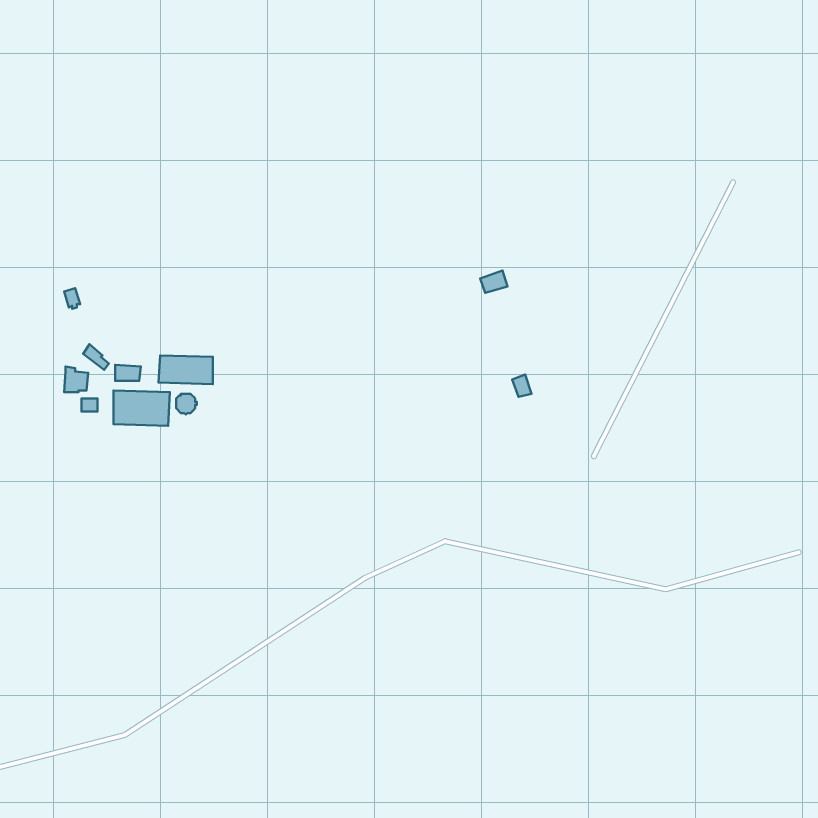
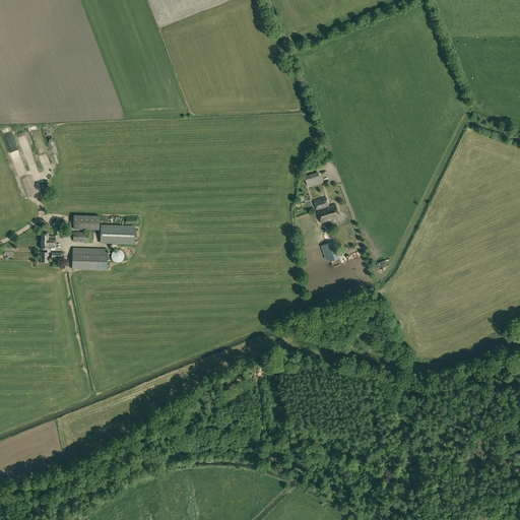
building: none -> [314,197,340,223]
building: none -> [73,214,100,230]

